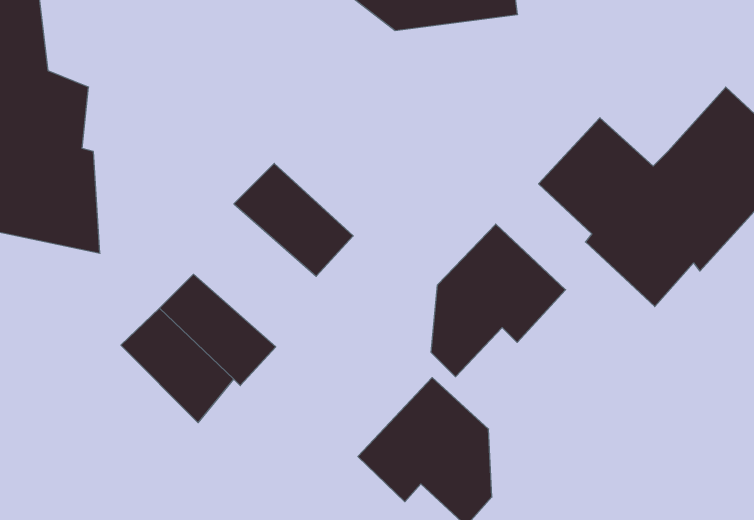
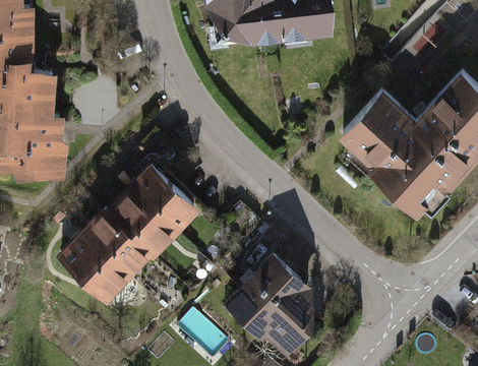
building: [234,163,353,276] -> [123,165,198,236]
building: [431,224,566,377] -> none
building: none -> [55,235,126,305]

